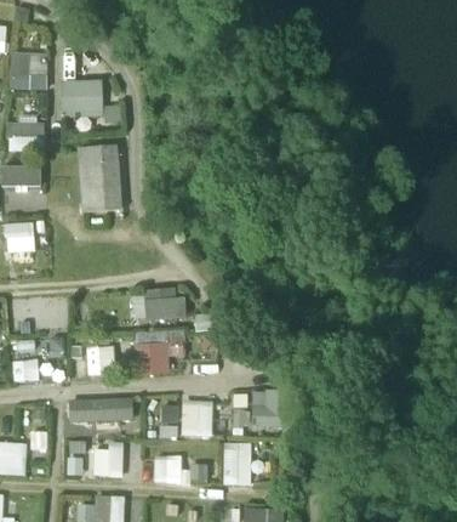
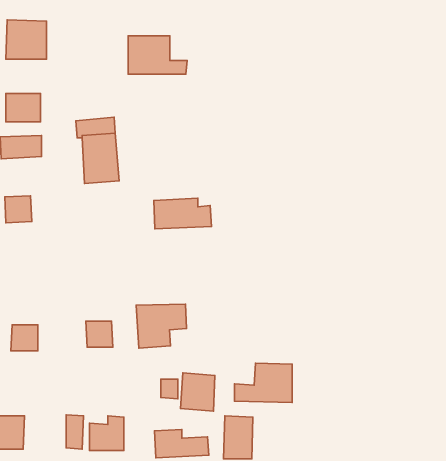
building: [62,80,120,118] -> [128,36,187,74]
building: [131,290,188,320] -> [154,198,211,229]
building: [69,397,133,422] -> none

